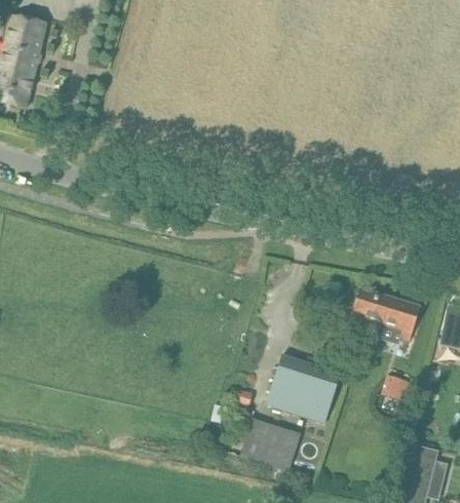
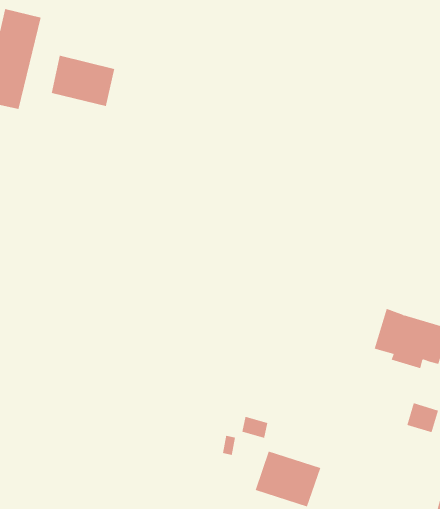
building: none -> [51,55,115,107]
building: [267,355,341,421] -> none

